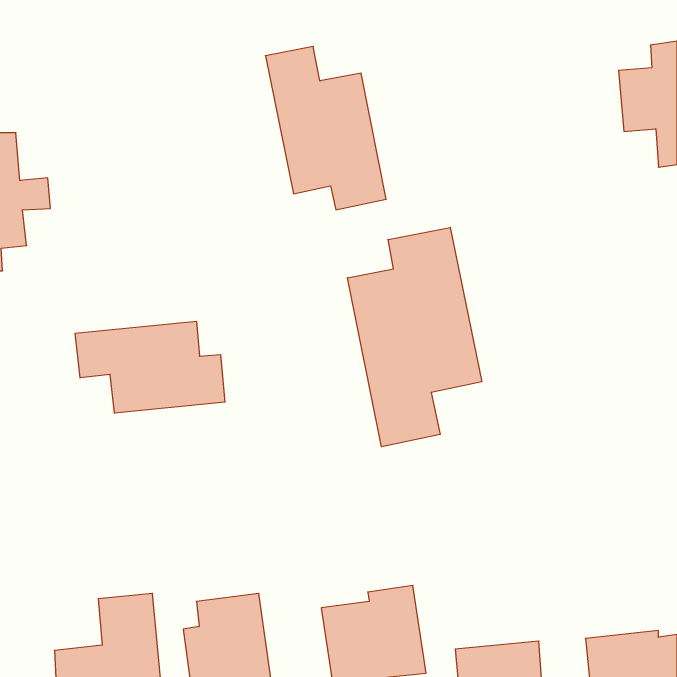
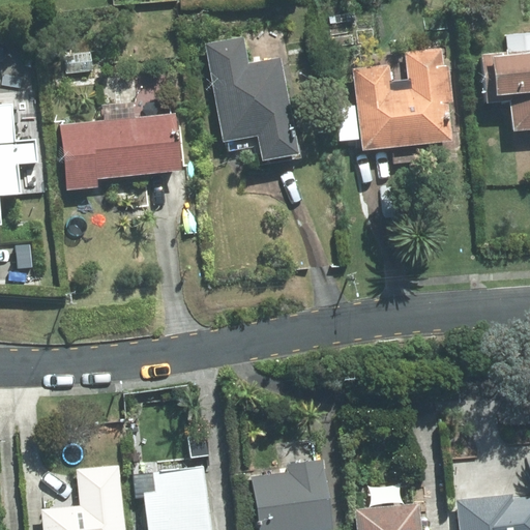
building: none -> [341,50,453,151]
building: none -> [61,115,181,190]
building: [347,227,482,447] -> none
building: [75,321,225,413] -> none

